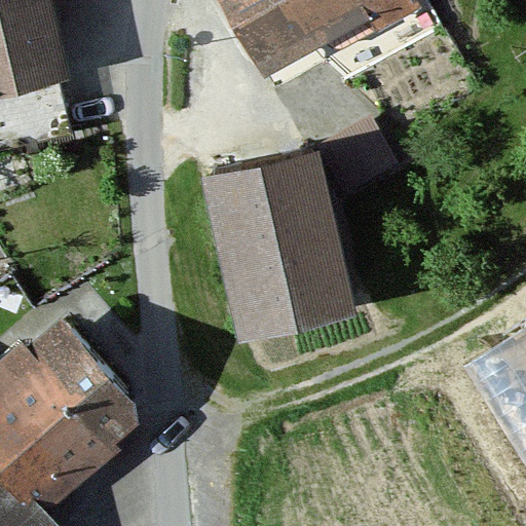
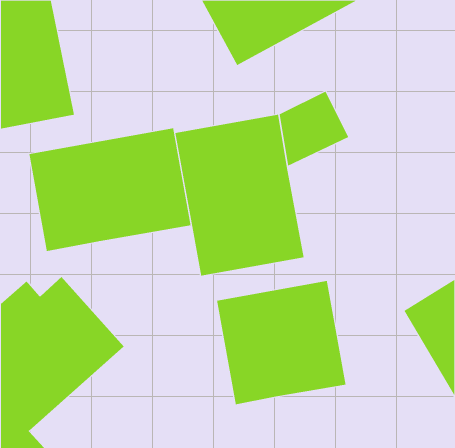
building: none -> [29,127,191,252]
building: none -> [217,280,346,405]

